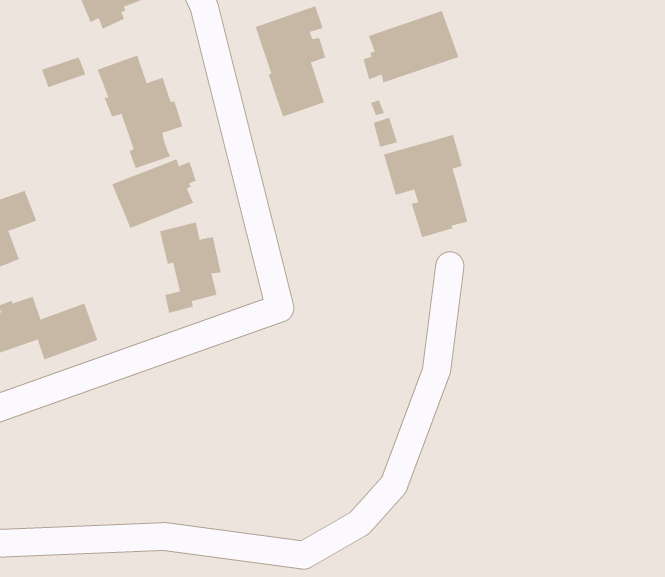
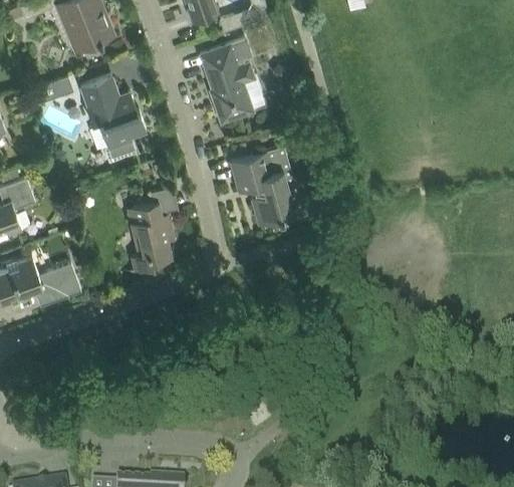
building: [363,10,459,83] -> none
building: [383,134,468,238] -> [230,147,294,225]
building: [112,158,197,229] -> none

